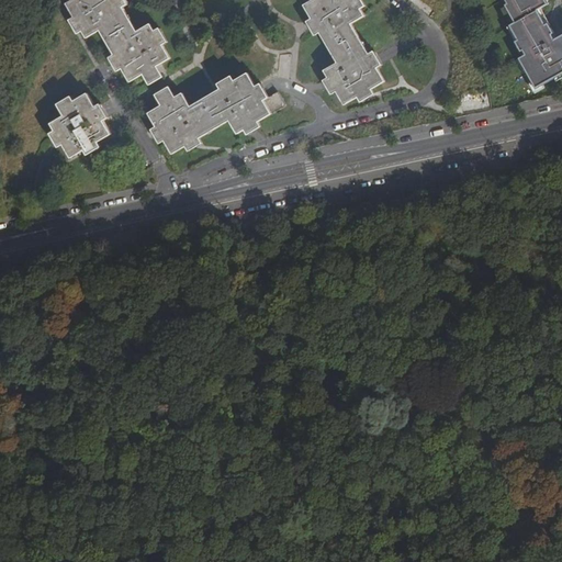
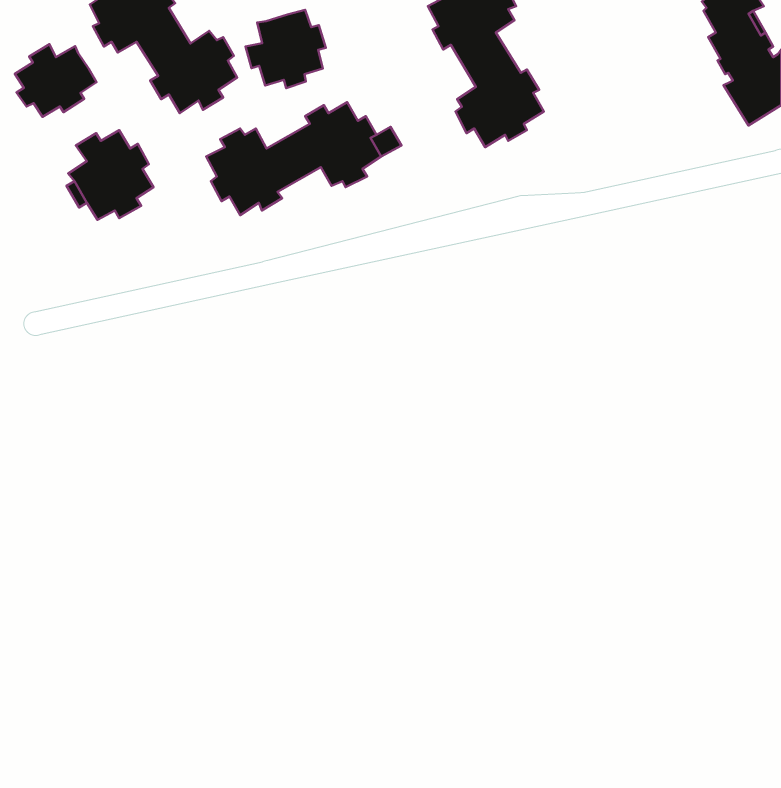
building: none -> [245,10,326,88]
building: none -> [15,44,97,117]

